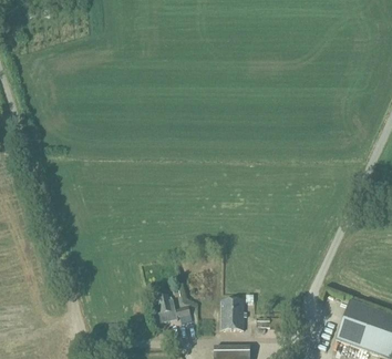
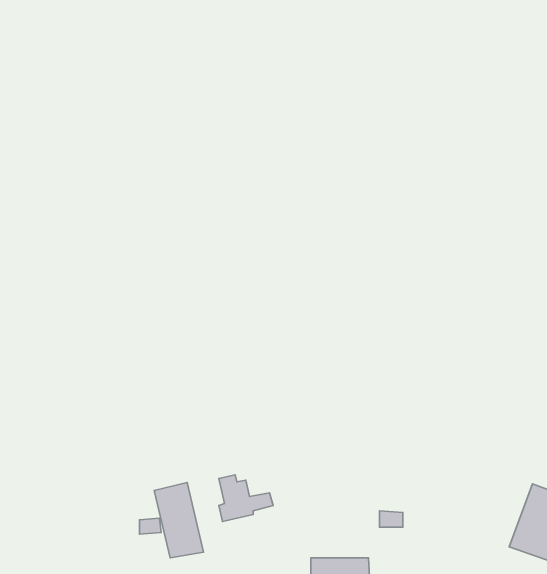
building: [221,299,244,329] -> none
building: none -> [154,483,204,558]

